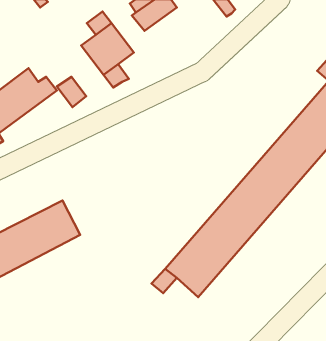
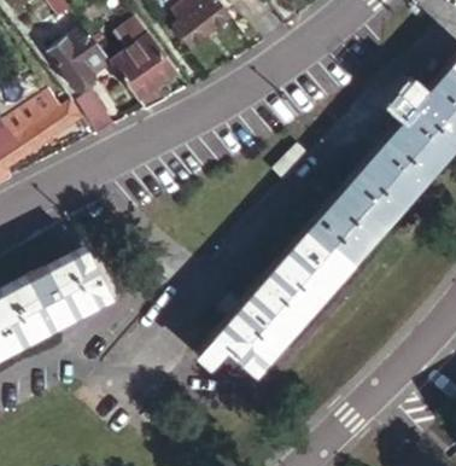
building: none -> [48,28,111,89]

